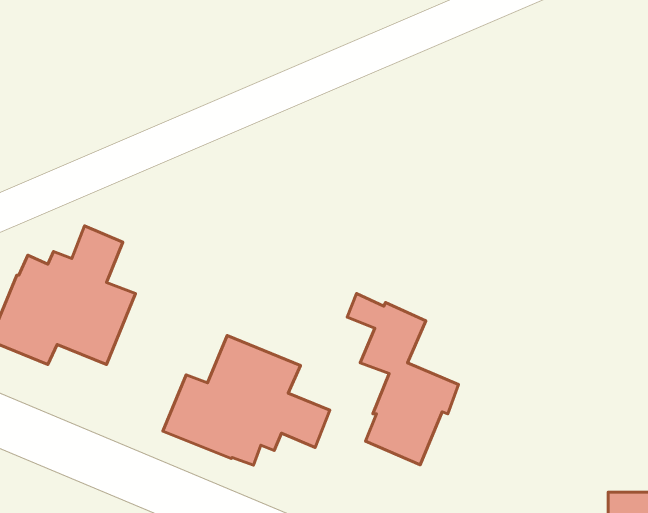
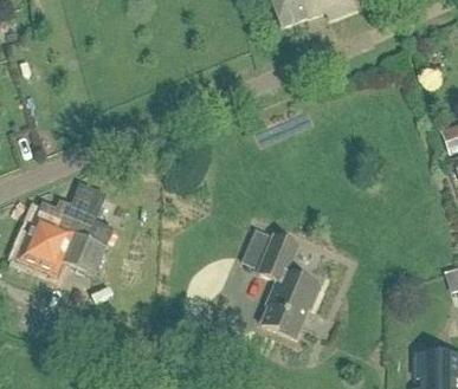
building: [163,335,330,465] -> none

